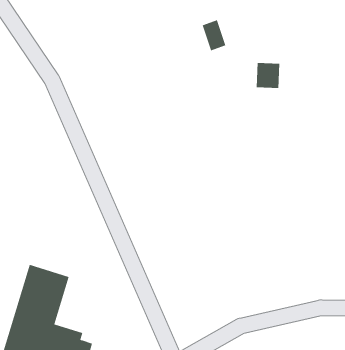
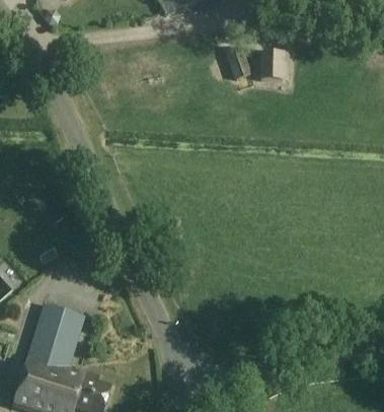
building: [256,62,280,89] -> [259,53,285,80]

